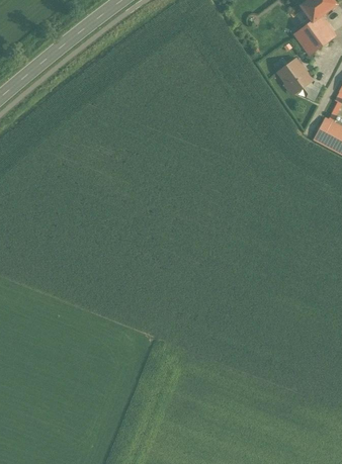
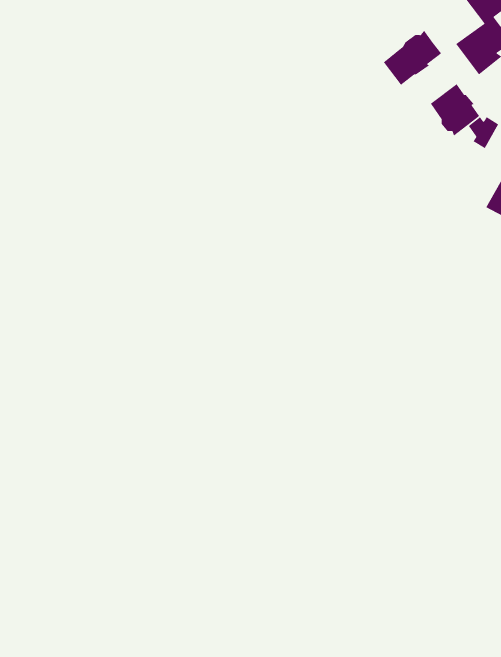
building: none -> [383,30,442,86]

